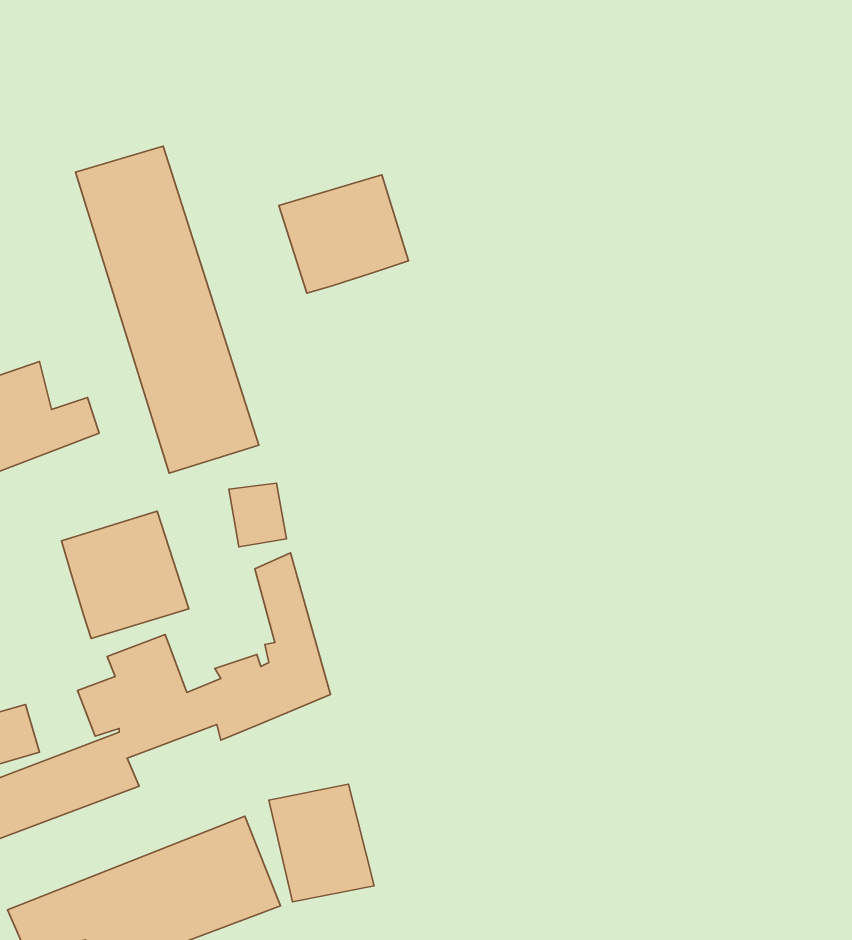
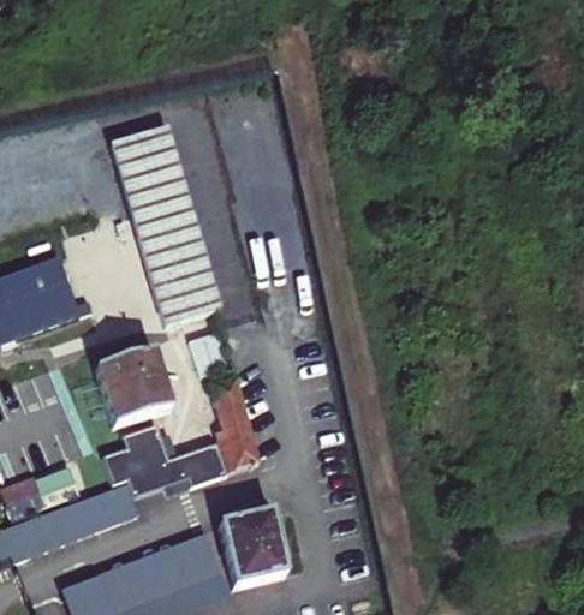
building: [279,175,409,293] -> none

